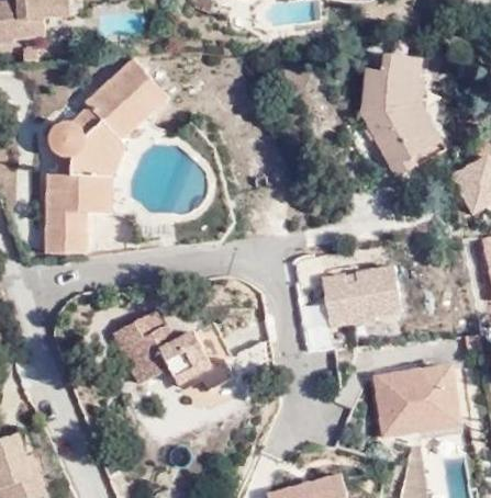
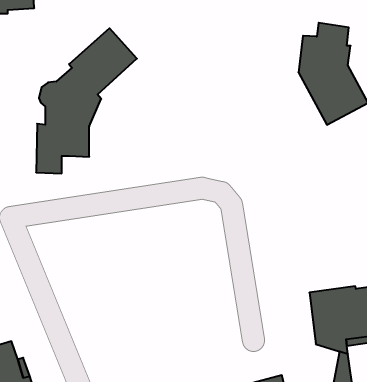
building: [45,212,86,253] -> none
building: [321,265,402,326] -> none
building: [112,310,233,389] -> none

